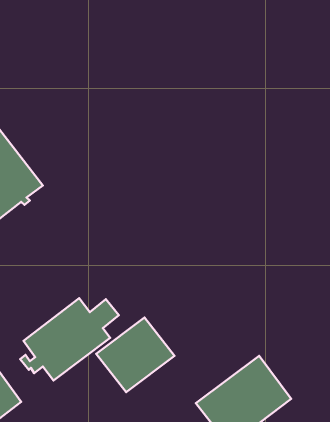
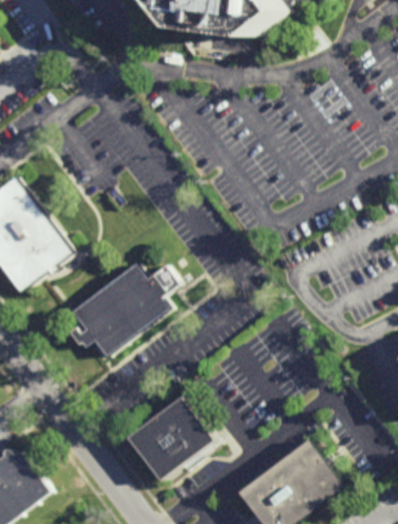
building: [20,298,119,381] -> [66,266,175,357]

